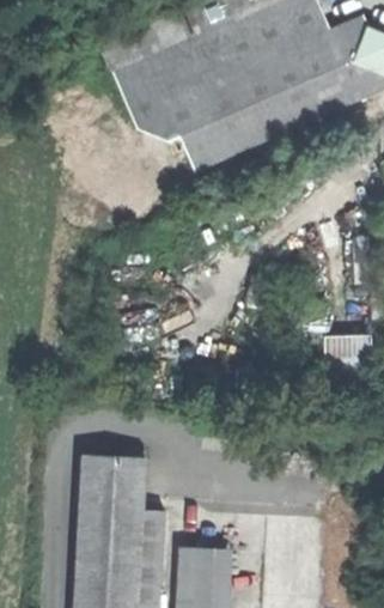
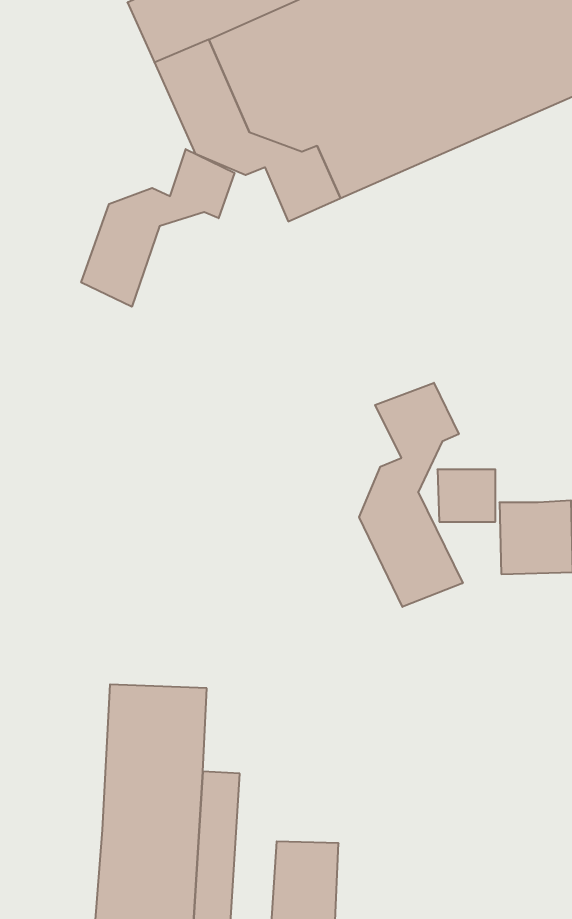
building: none -> [81,149,235,307]
building: none -> [359,383,463,607]

